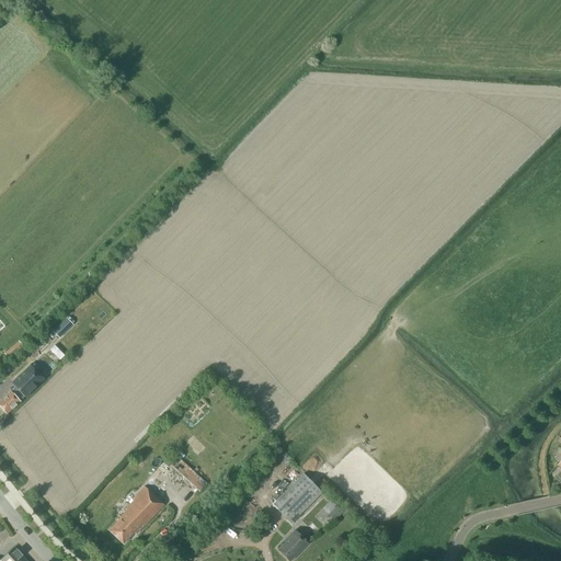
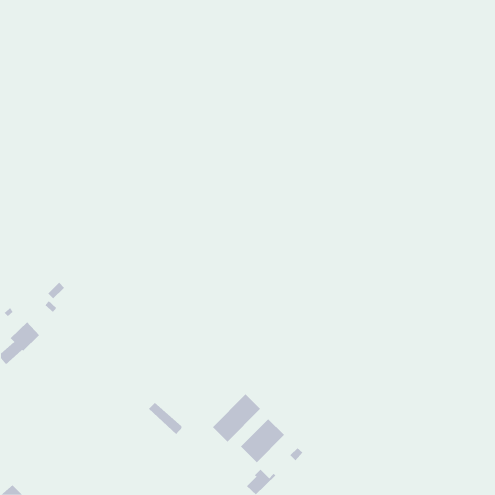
building: none -> [212,394,261,442]
building: [108,486,164,543] -> none

